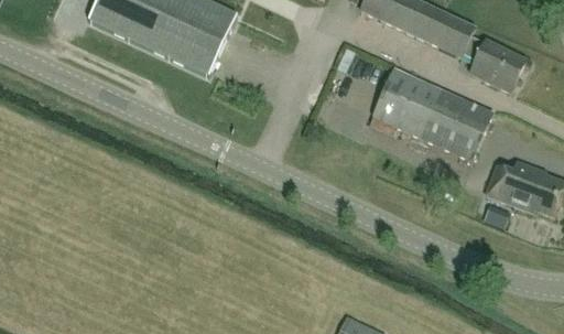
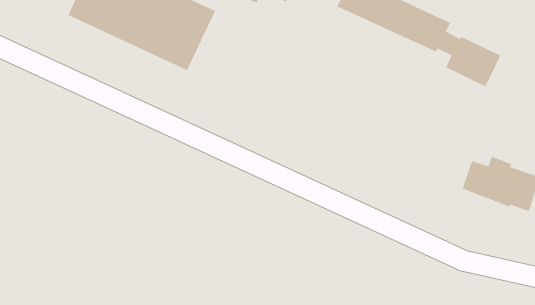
building: [371,68,492,160] -> none

